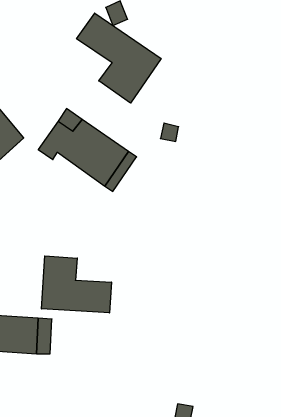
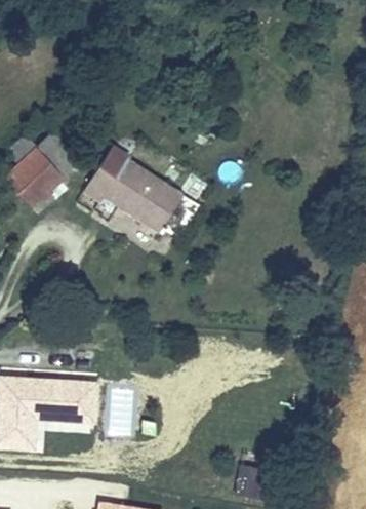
building: [77,13,161,103] -> none
building: [42,256,111,313] -> none

